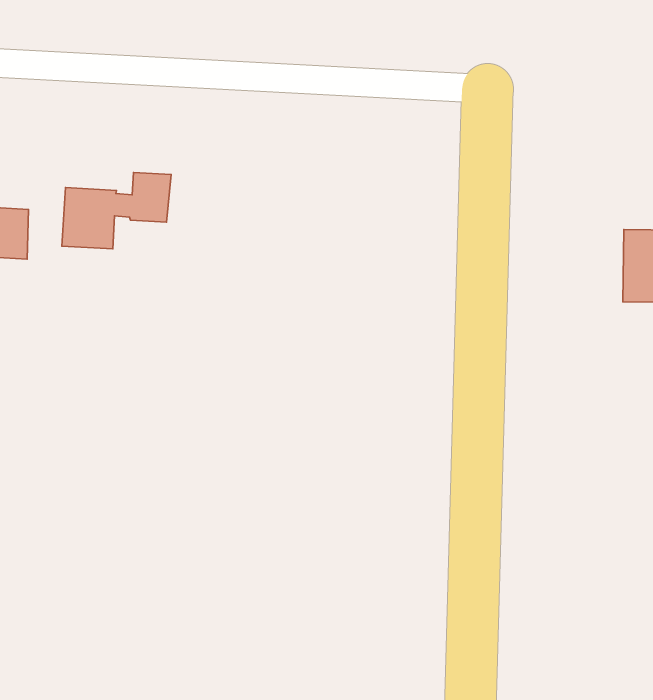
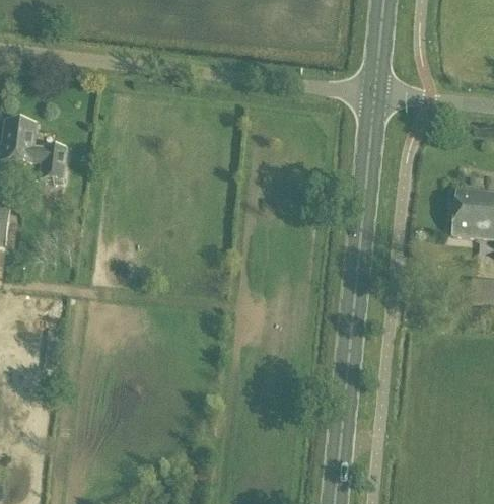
building: [62,172,171,249] -> none

